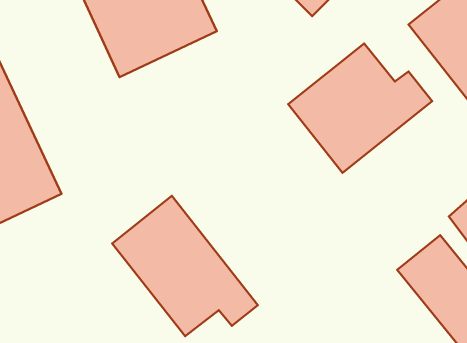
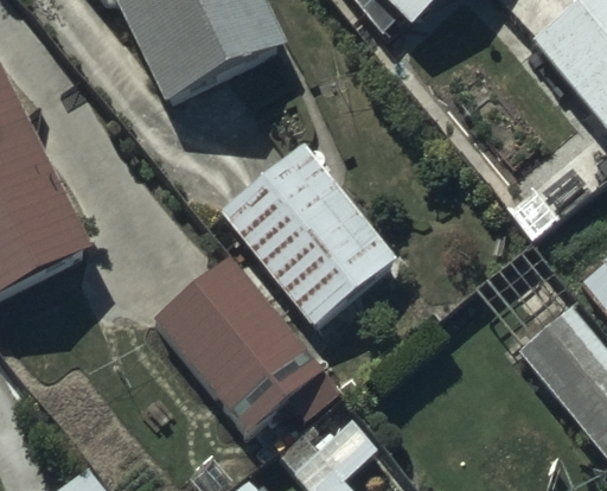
building: [288,43,432,173] -> none
building: none -> [219,142,398,329]

